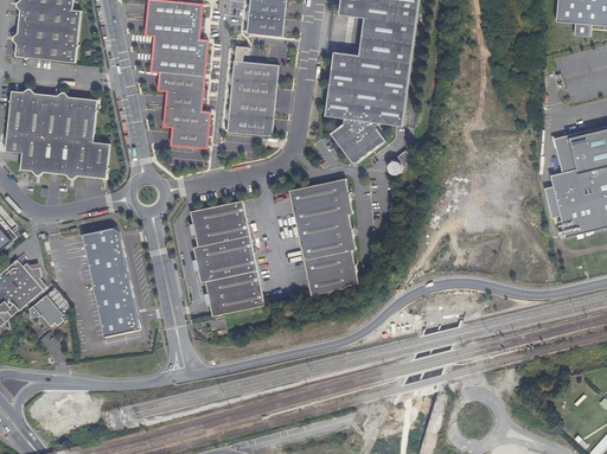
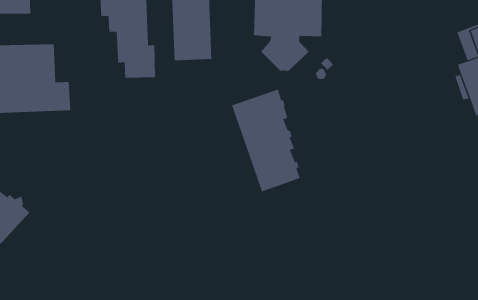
building: [189,199,262,315] -> none
building: [83,228,141,337] -> none
building: [30,294,63,325] -> none

